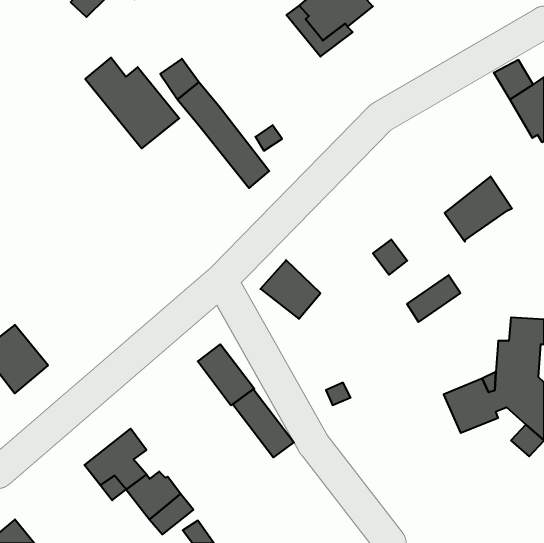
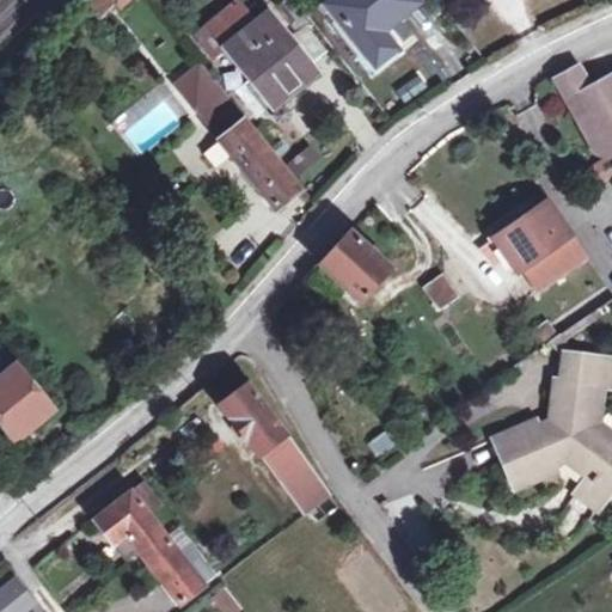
building: [85,58,179,148] -> [212,6,317,108]
building: [260,260,320,319] -> [322,232,388,298]
building: [407,275,460,322] -> [521,235,581,288]

